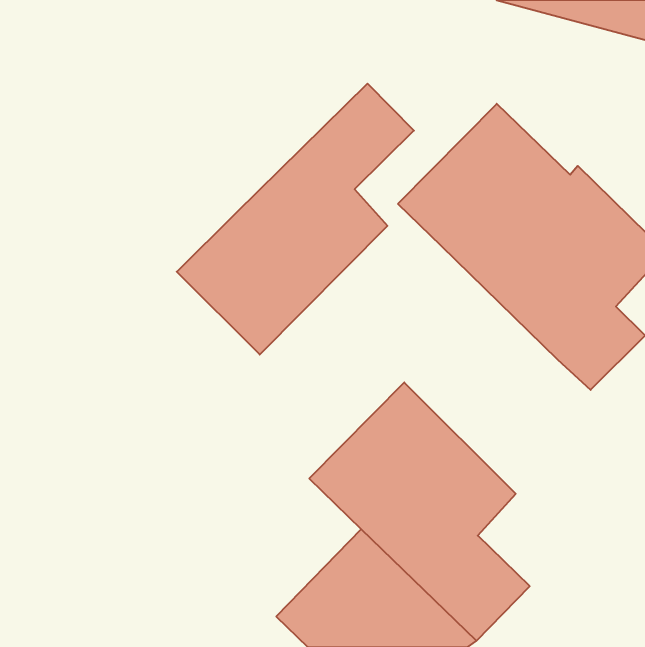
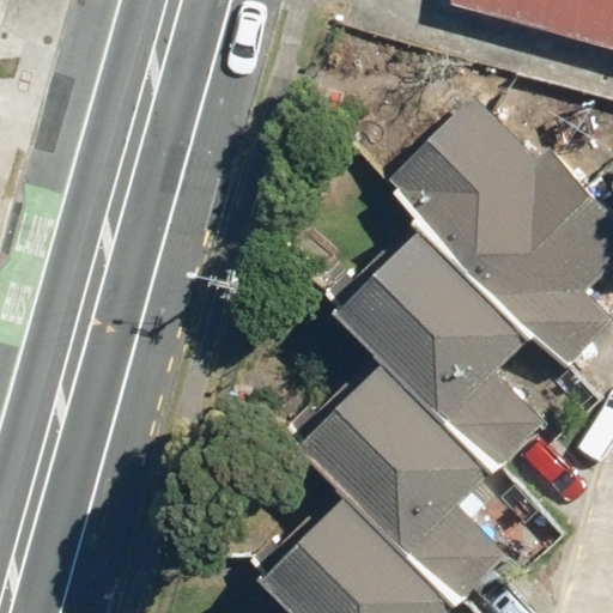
building: [177,84,414,355] -> none
building: none -> [336,232,541,467]

